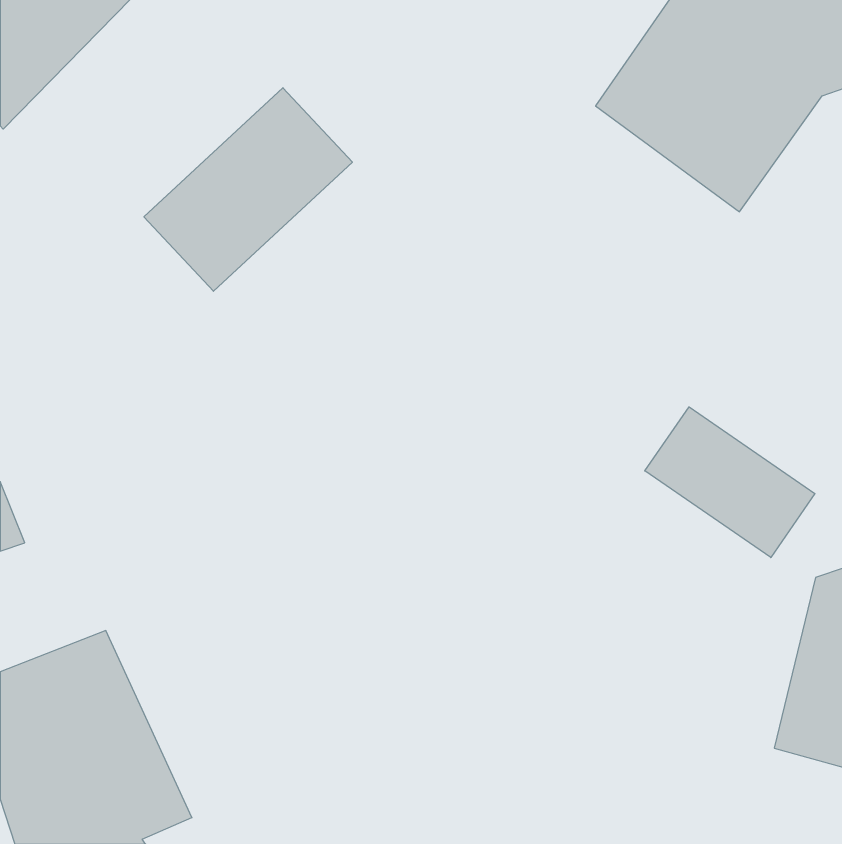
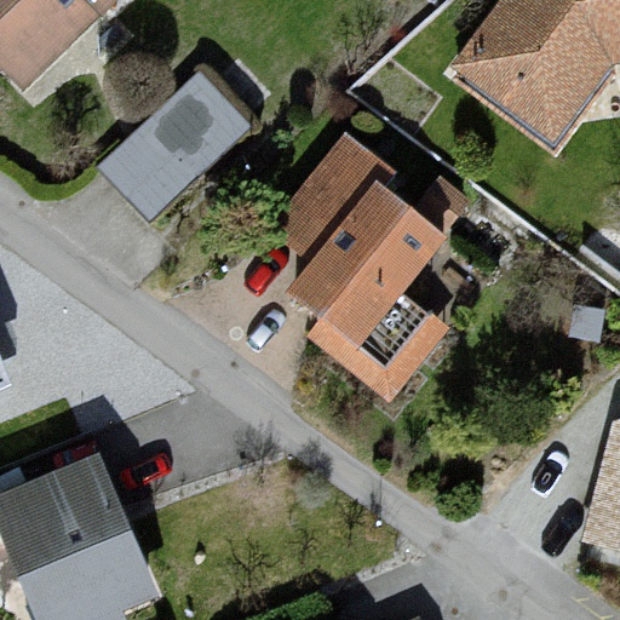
building: none -> [280,140,471,395]
building: [645,407,815,558] -> none

